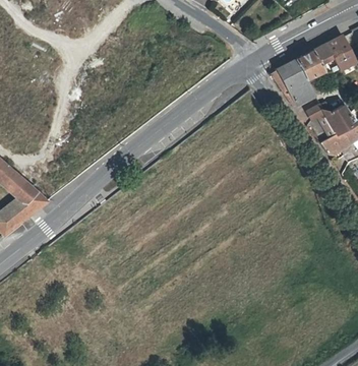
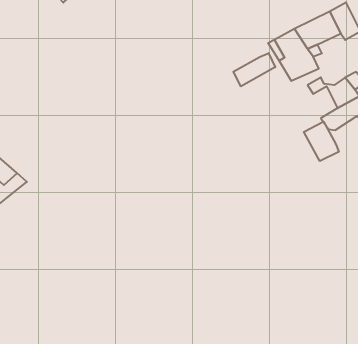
building: none -> [233,53,275,86]
building: none -> [304,122,339,161]

